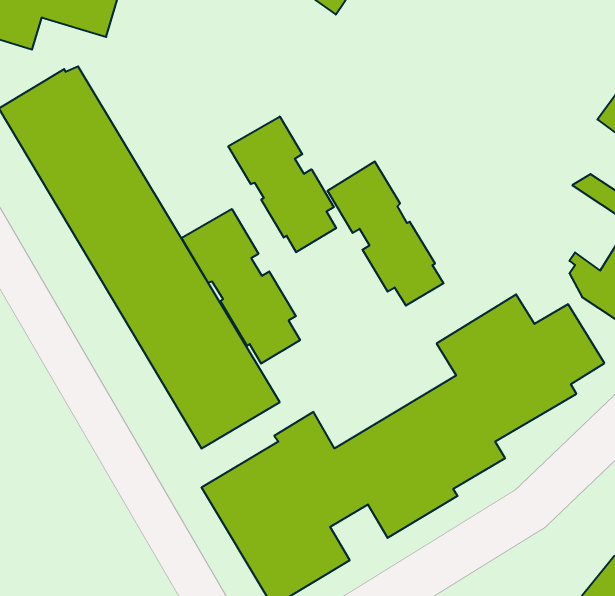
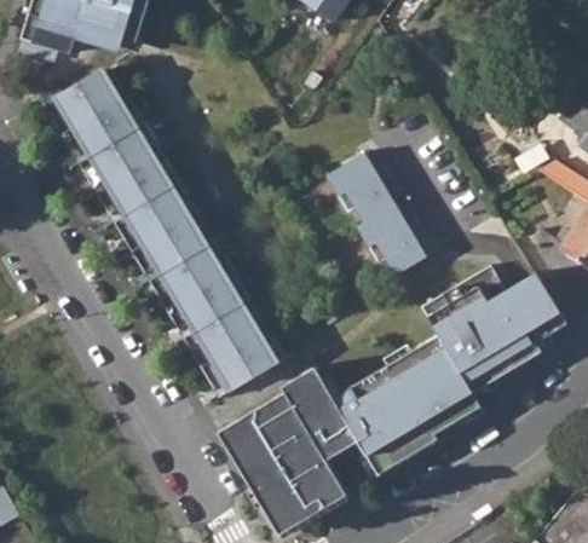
building: [228,116,336,252] -> none
building: [182,209,300,364] -> none

